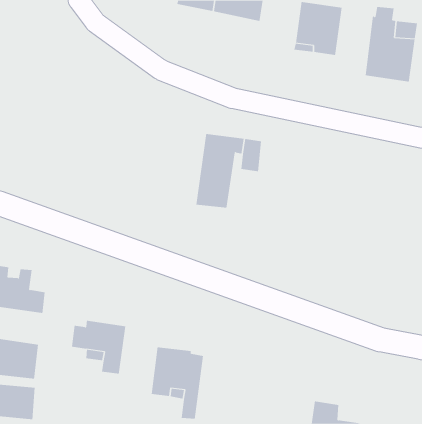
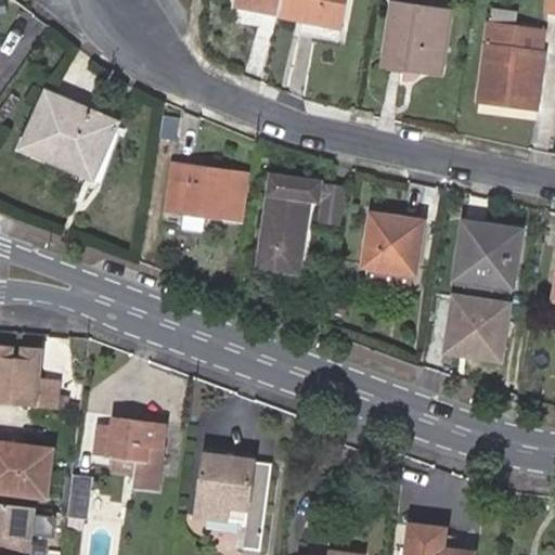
building: none -> [22,91,115,170]
building: none -> [165,165,250,219]
building: none -> [364,215,422,273]
building: none -> [455,222,519,287]
building: none -> [454,294,524,363]
building: none -> [65,475,93,521]

